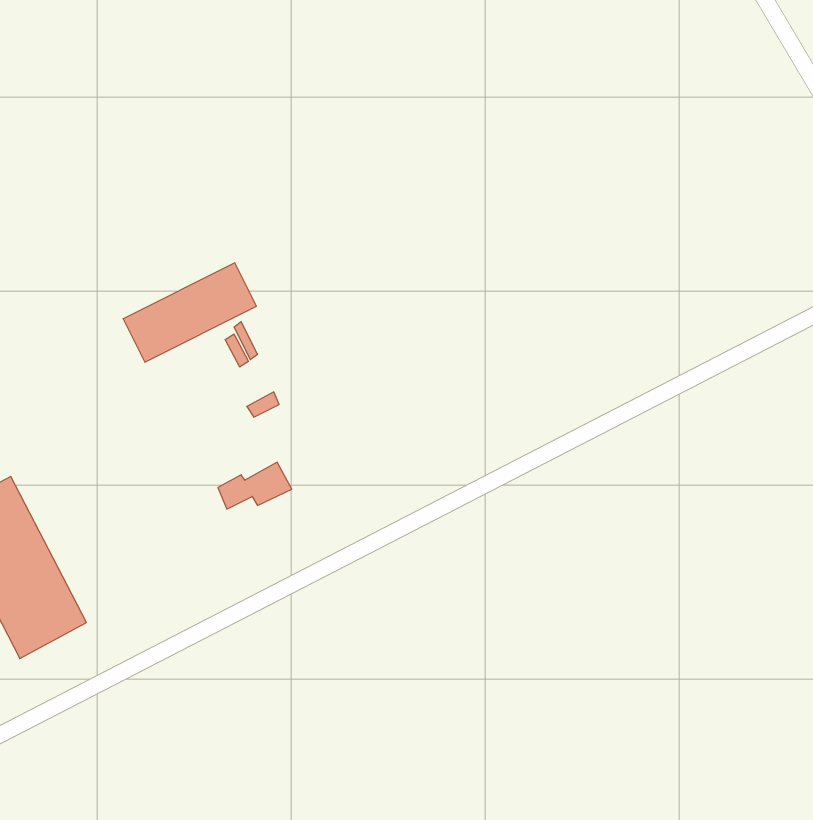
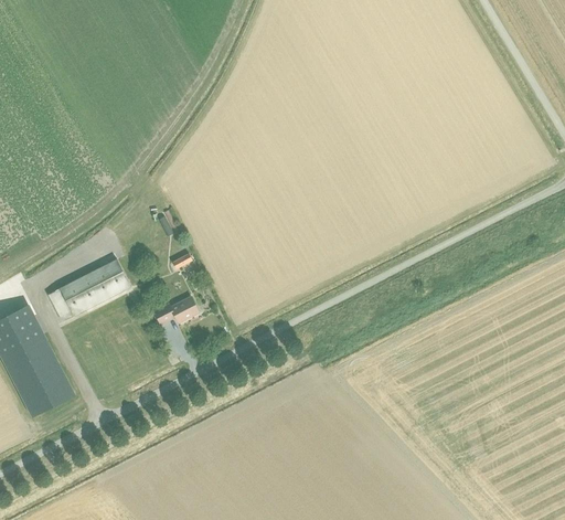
building: [123,263,256,362] -> [49,258,130,319]

